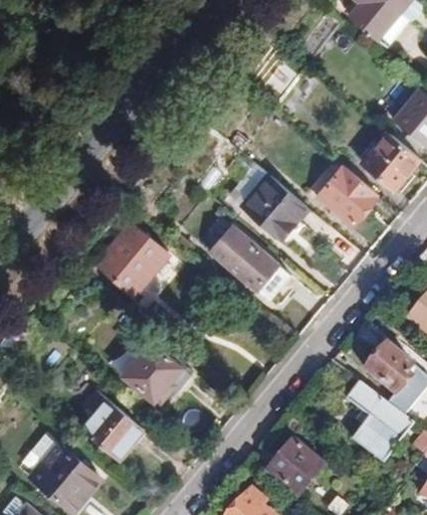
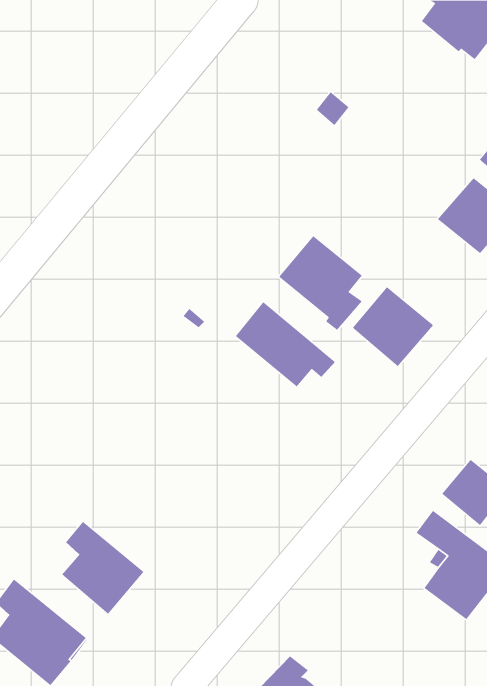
building: [315,164,377,224] -> [352,286,434,367]
building: [95,221,167,294] -> none
building: [123,332,190,406] -> none
building: [265,439,324,497] -> none

